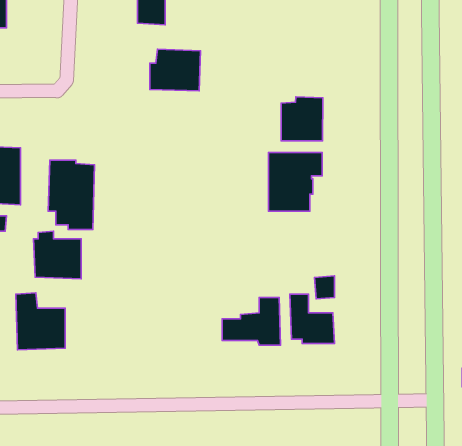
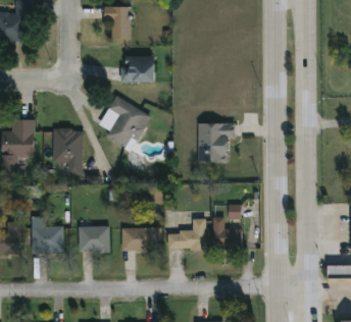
building: [281,97,323,141] -> none
building: none -> [99,95,151,151]
building: [34,231,81,279] -> [79,221,110,253]
building: none -> [121,227,162,251]

